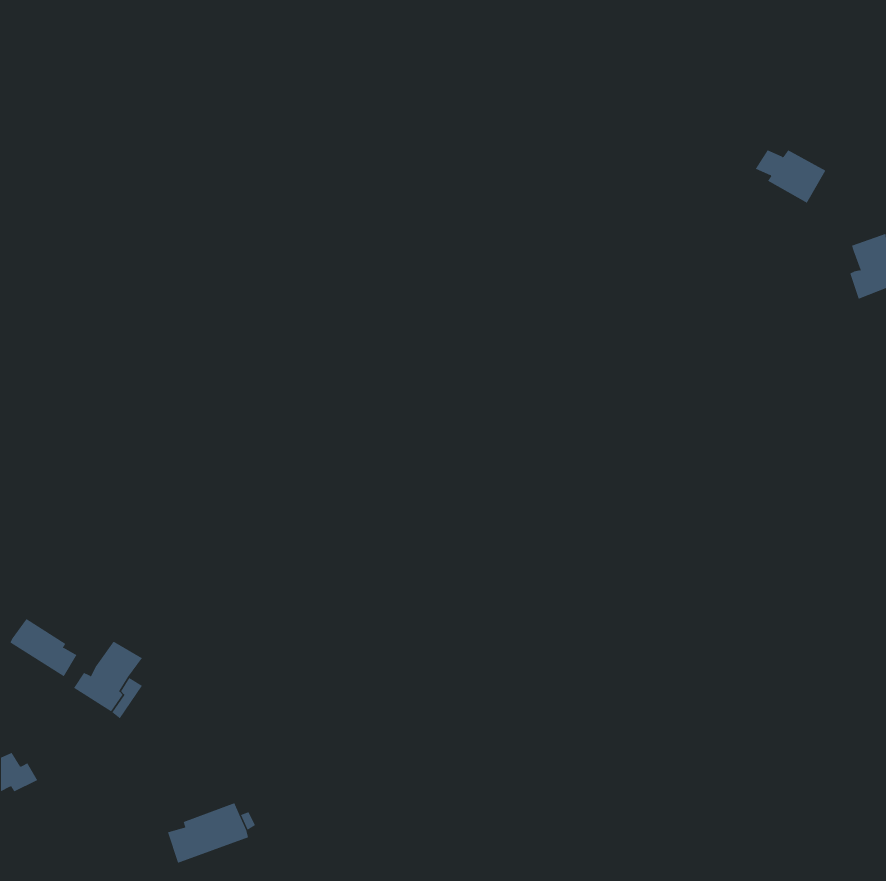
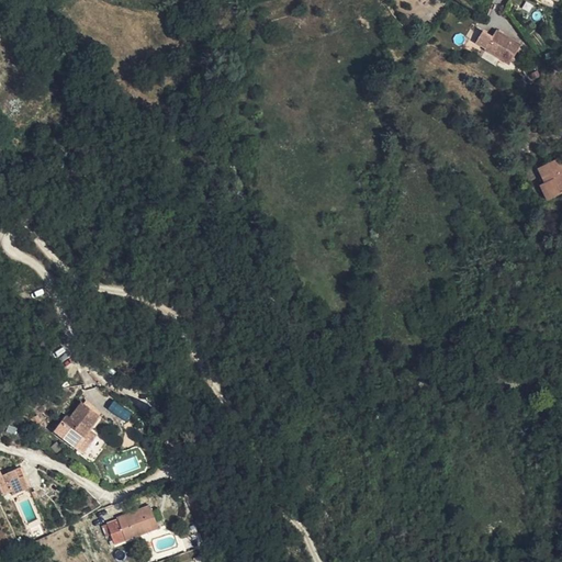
building: [755,150,826,204] -> [482,25,527,59]
building: [10,618,77,677] -> none

